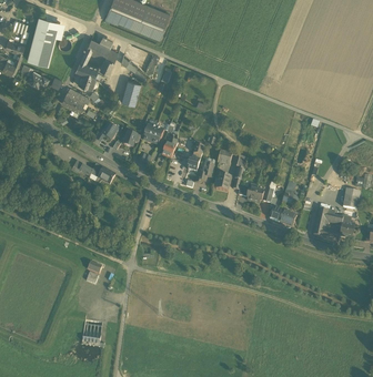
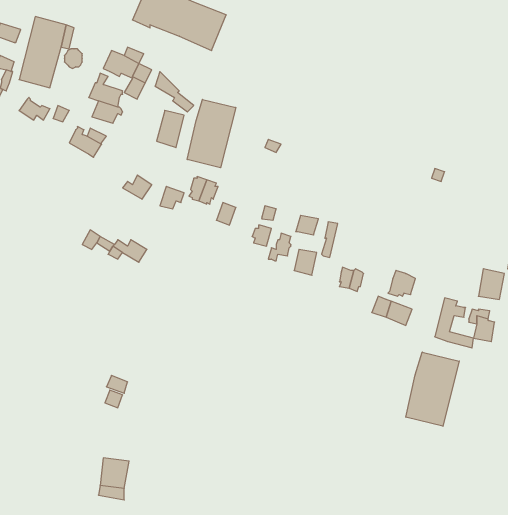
building: none -> [187,99,236,168]
building: none -> [406,352,459,426]

